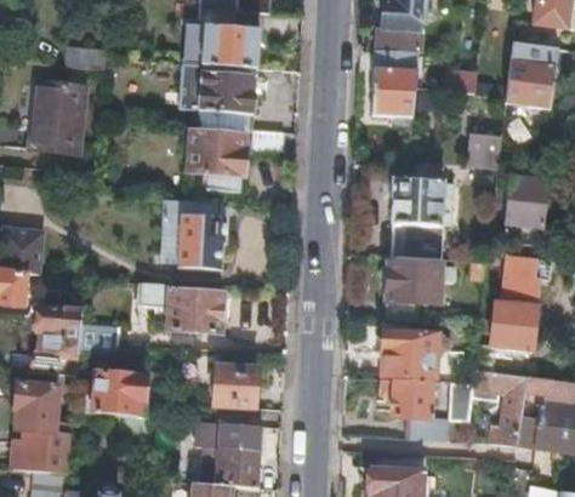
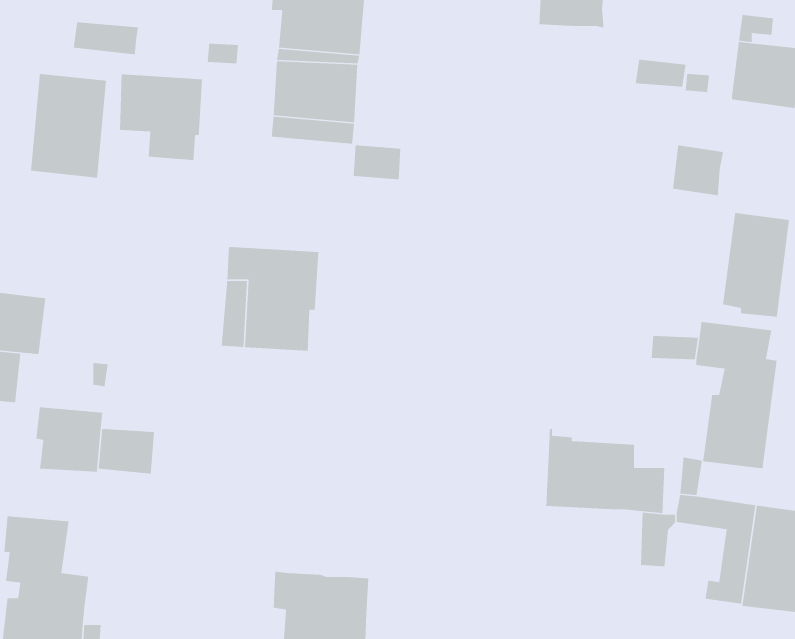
building: [372,48,417,115] -> none
building: [189,132,246,192] -> [119,73,203,161]
building: [392,176,445,258] -> none
building: [386,262,440,316] -> none
building: [138,282,222,332] -> none
building: [212,364,257,406] -> none
building: [85,371,143,416] -> none
building: [381,376,446,438] -> none

